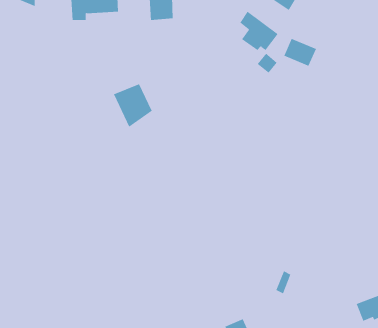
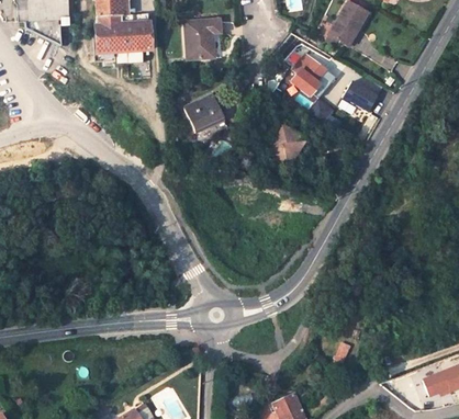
building: none -> [265,127,305,167]
building: [113,83,152,128] -> [187,94,231,144]

